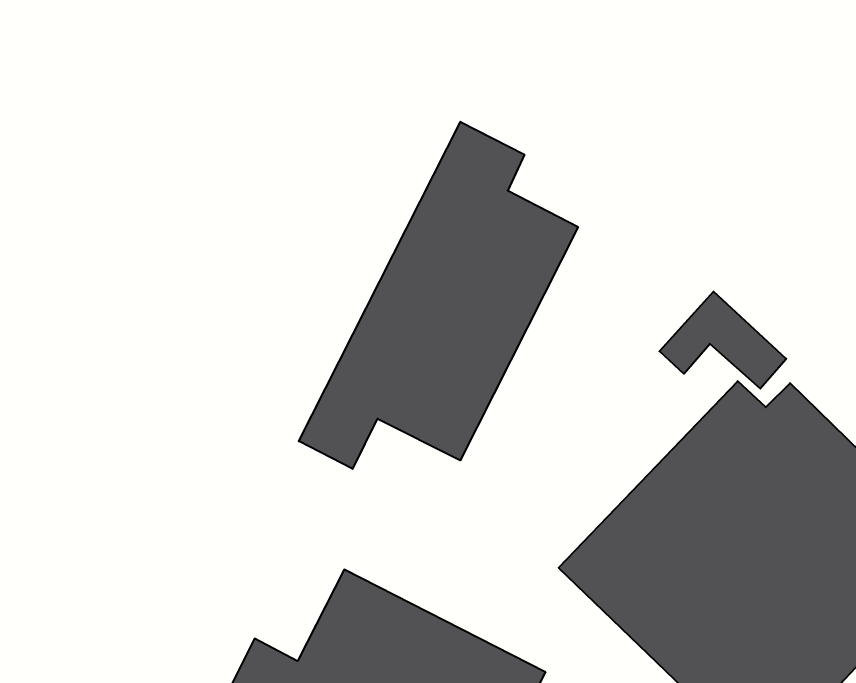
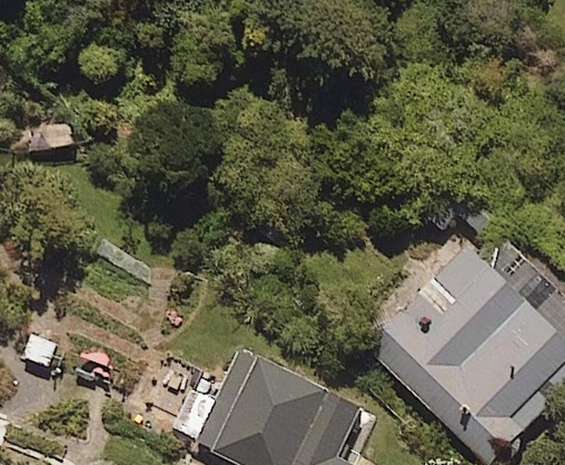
building: [299,122,578,469] -> none

